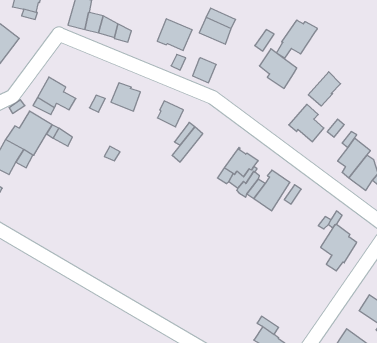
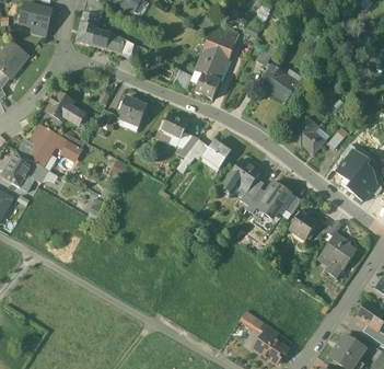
building: [157,19,192,50] -> [195,48,229,79]
building: [276,20,317,58] -> none
building: [308,72,341,106] -> none
building: none -> [202,140,231,169]
building: none -> [289,211,317,241]

